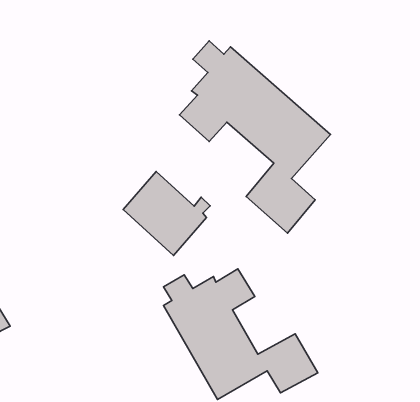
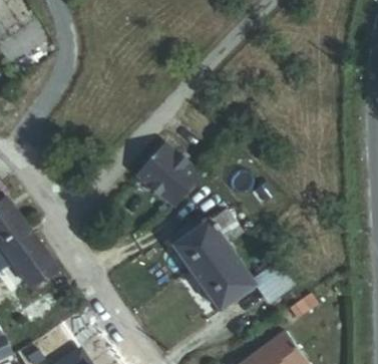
building: [180,41,331,233] -> none

